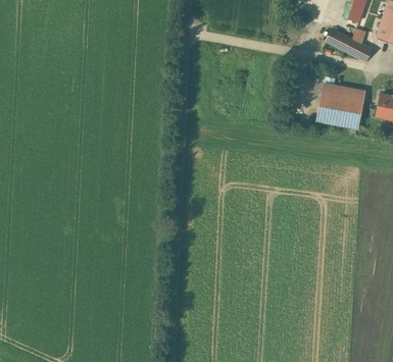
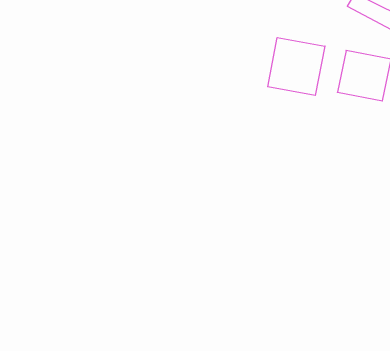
building: none -> [268,38,325,95]

